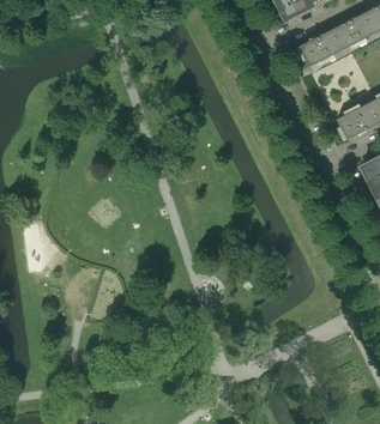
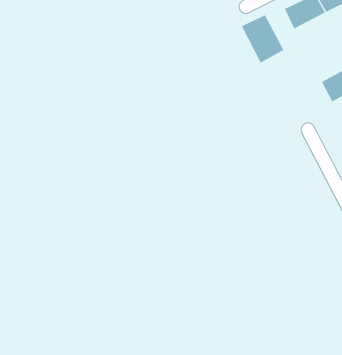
building: none -> [241,15,284,63]

